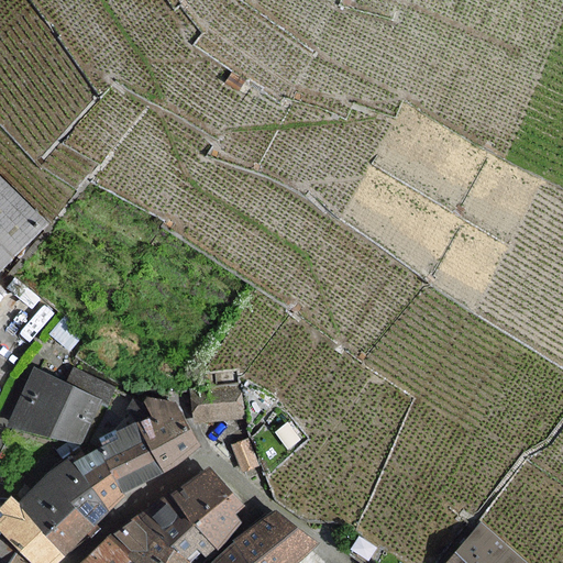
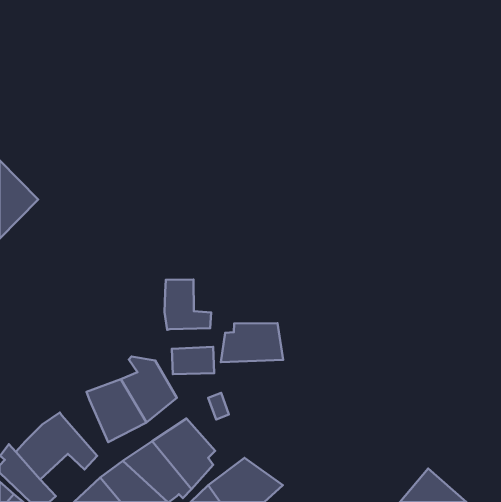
building: none -> [165,279,211,330]
building: none -> [221,323,283,362]
building: [10,371,98,442] -> none
building: [69,448,121,510] -> none
building: [45,508,95,555] -> none

